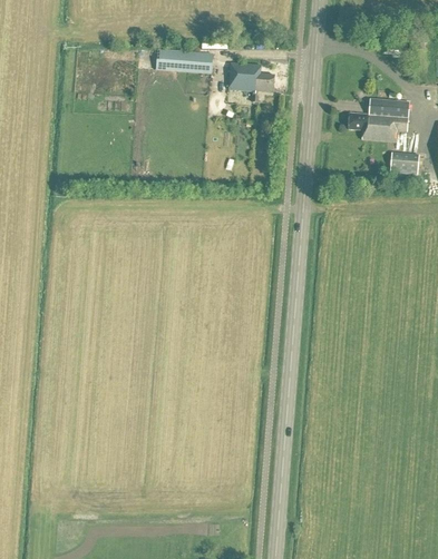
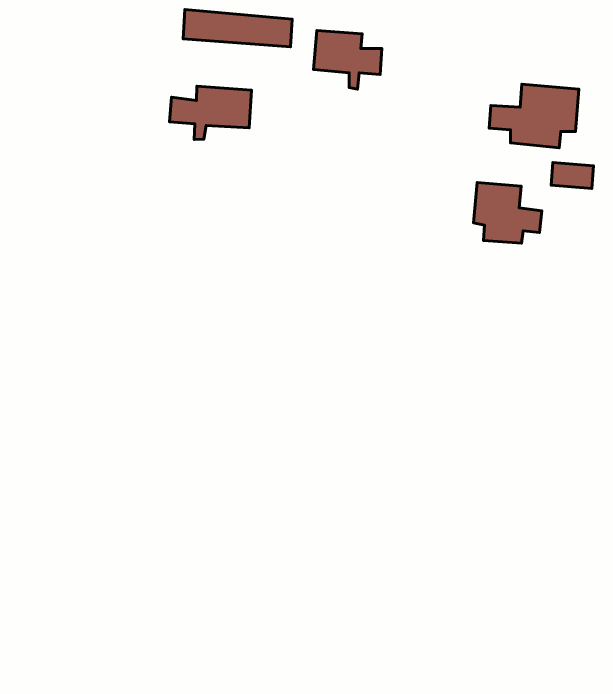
building: none -> [169,86,251,139]
building: none -> [473,182,542,243]

